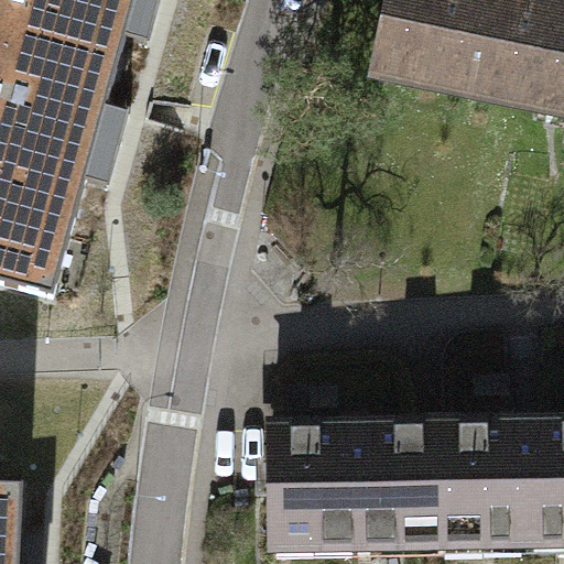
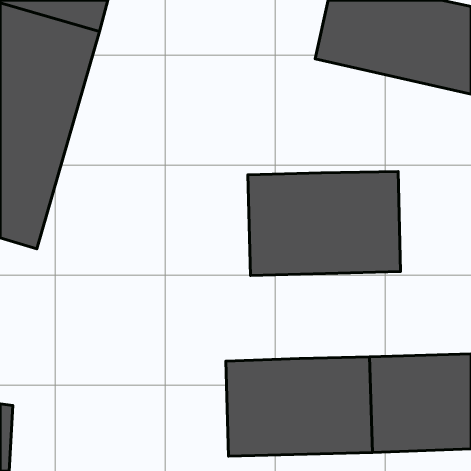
building: none -> [248,172,401,276]

